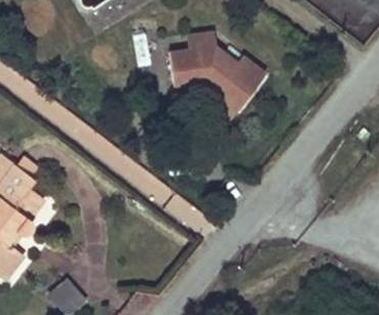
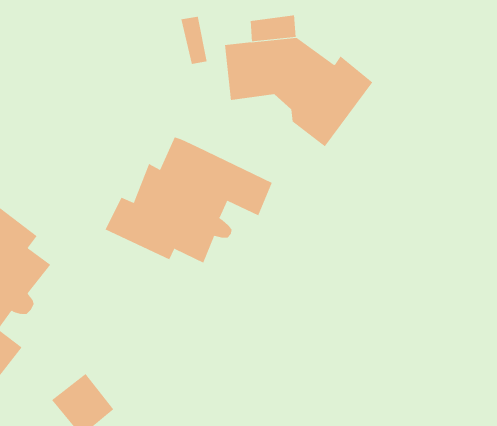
building: none -> [105,136,273,263]

